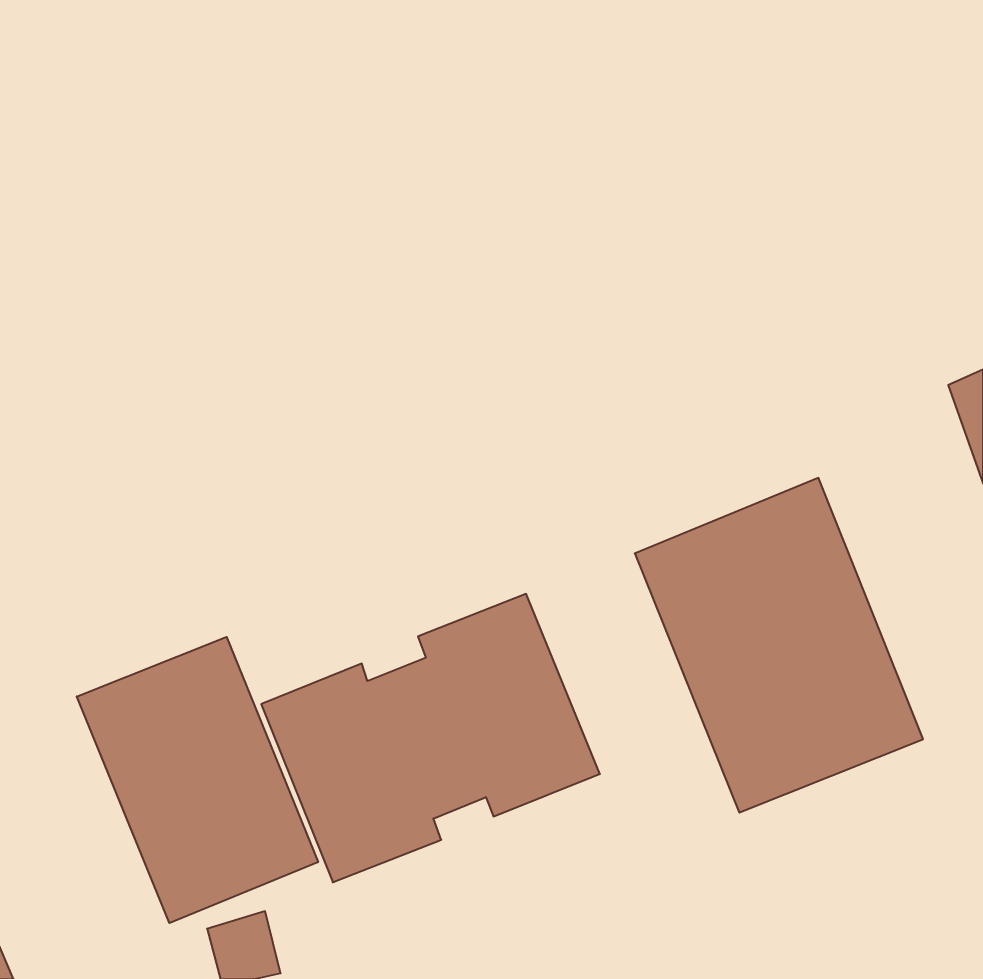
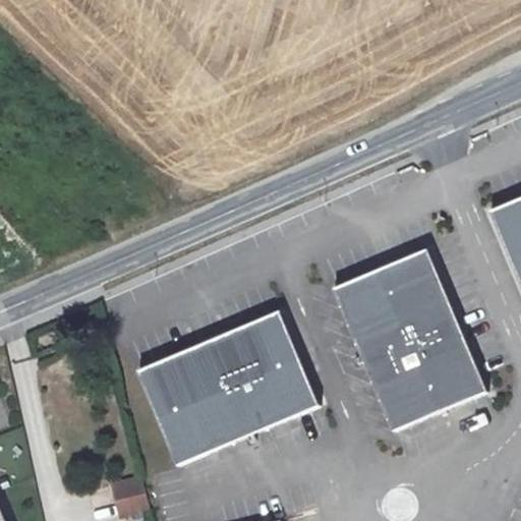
building: [77,637,318,923] -> none

